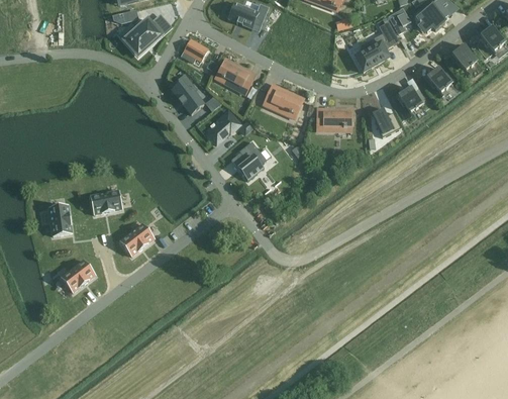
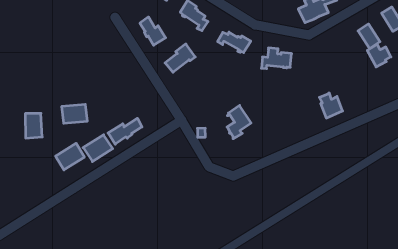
building: [397,86,425,112] -> [367,44,391,67]
building: [372,108,400,137] -> [319,93,343,118]
building: [237,140,266,180] -> [227,105,251,139]
building: none -> [108,118,142,144]
building: [61,260,94,292] -> [56,143,84,170]

